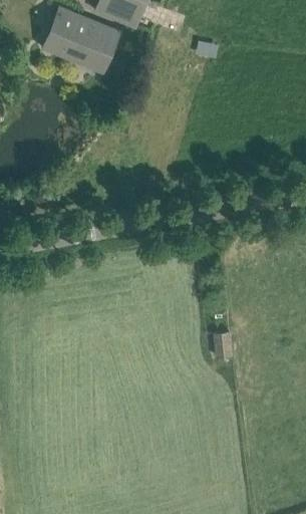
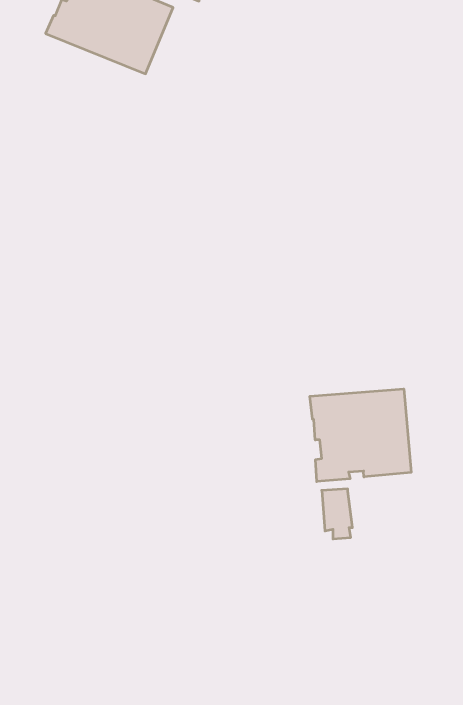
building: none -> [310,389,411,482]

